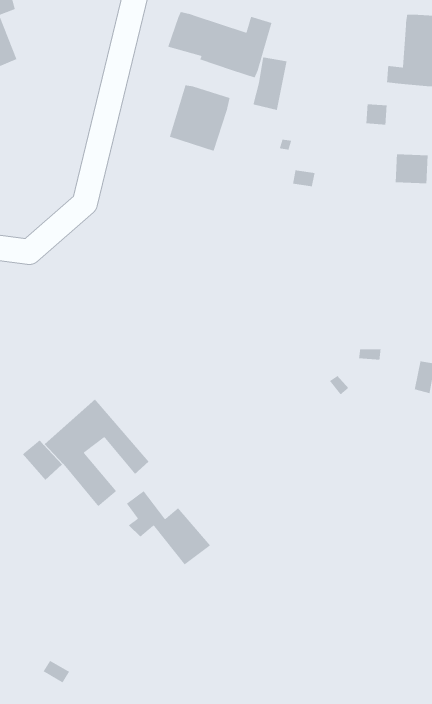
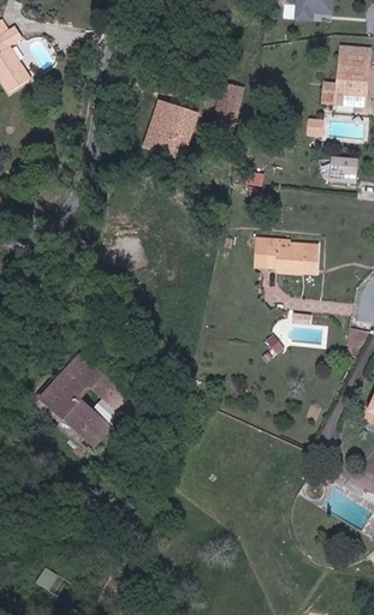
building: [167,11,273,78] -> none
building: none -> [260,238,309,274]
building: [126,490,211,566] -> none

